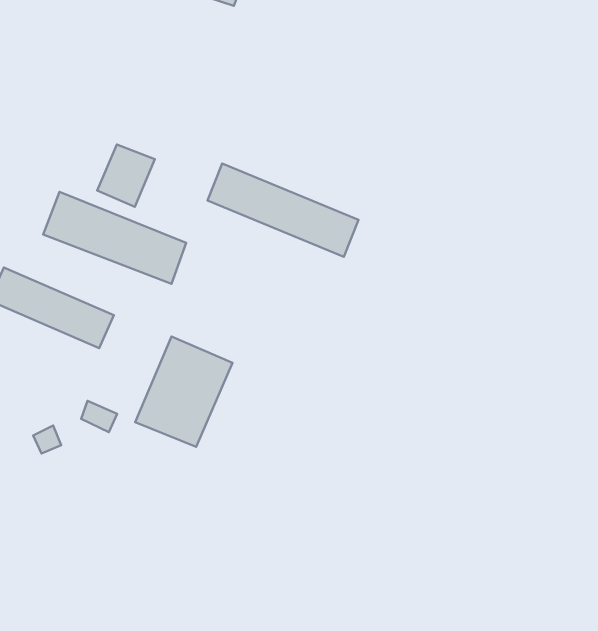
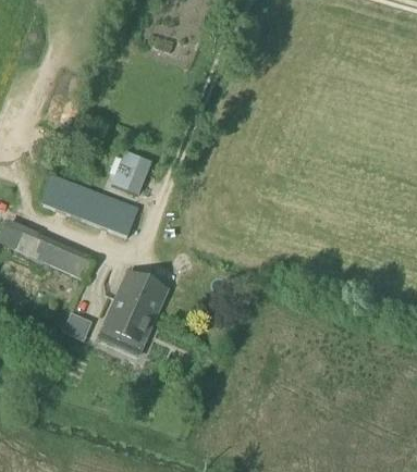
building: [97,144,155,207] -> [111,152,149,194]
building: [208,163,358,257] -> none

